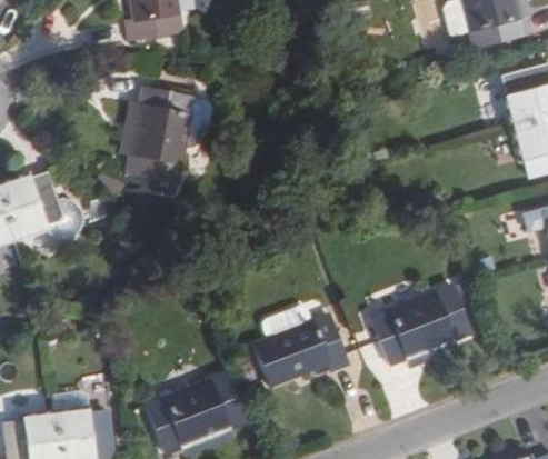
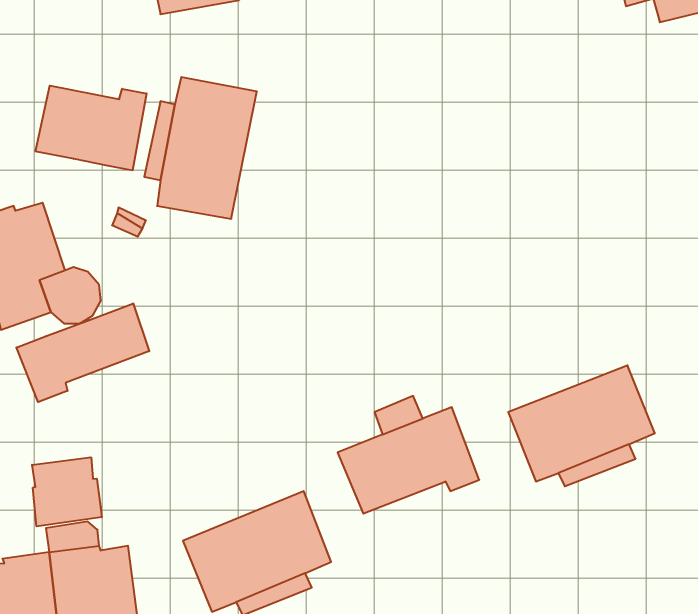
building: none -> [36,86,147,170]
building: none -> [16,303,149,402]
building: none -> [32,457,102,526]

